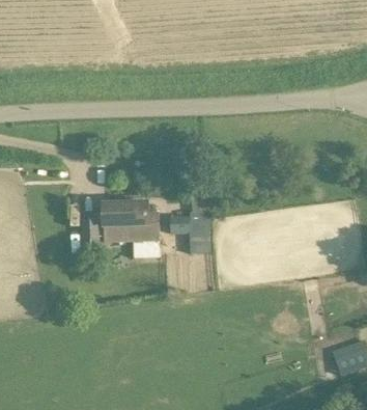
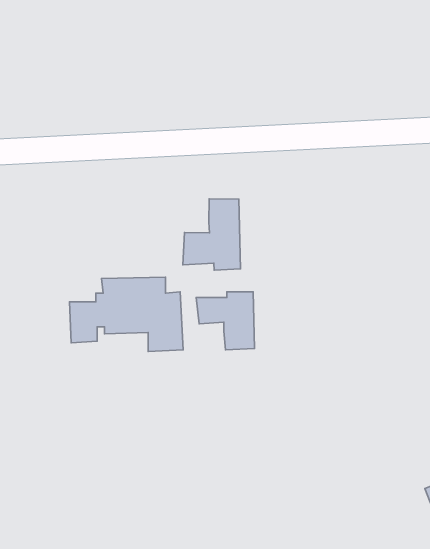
building: none -> [183,199,241,270]

